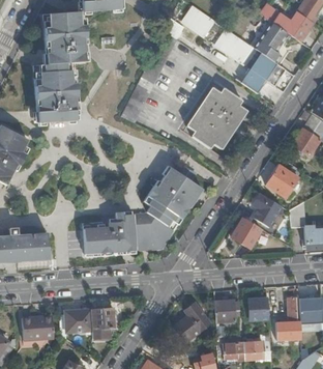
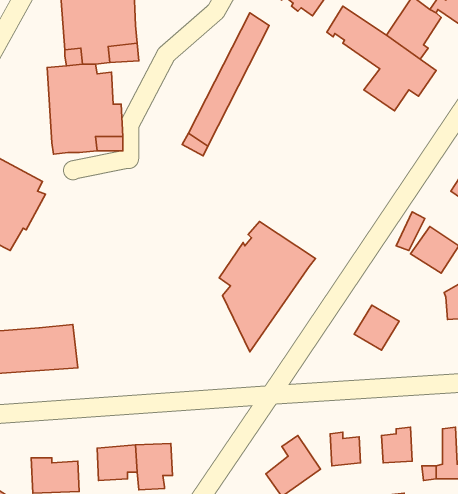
building: [186,86,246,148] -> none
building: [253,195,282,228] -> none
building: [84,210,164,252] -> none

